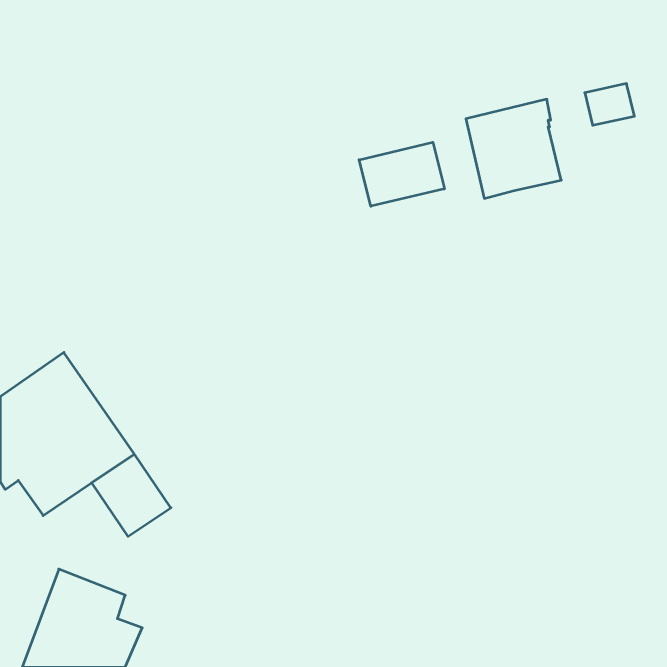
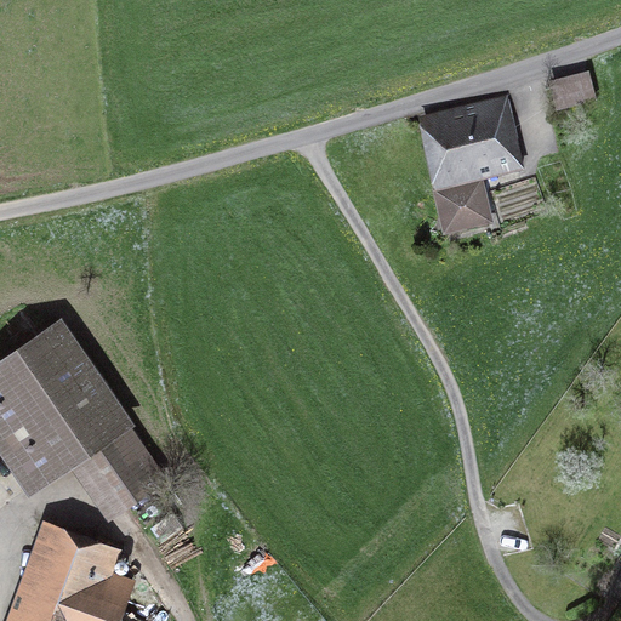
building: [359,142,444,206] -> none
building: none -> [437,177,488,230]

